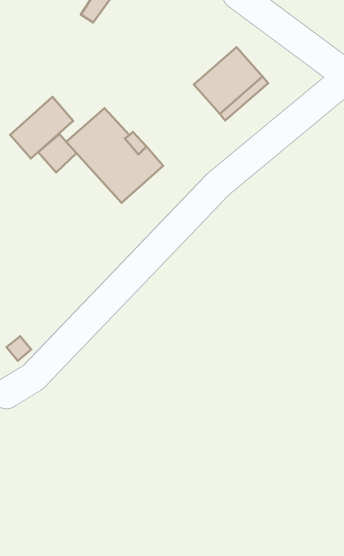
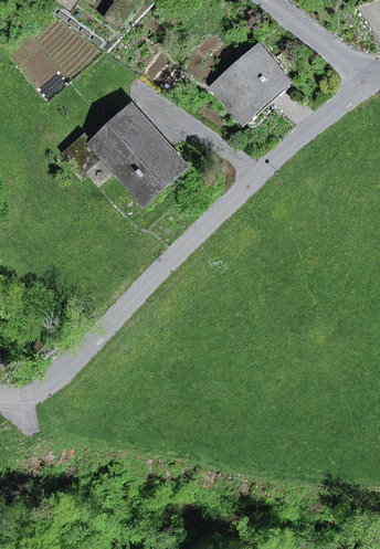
building: [10,97,73,159] -> none

